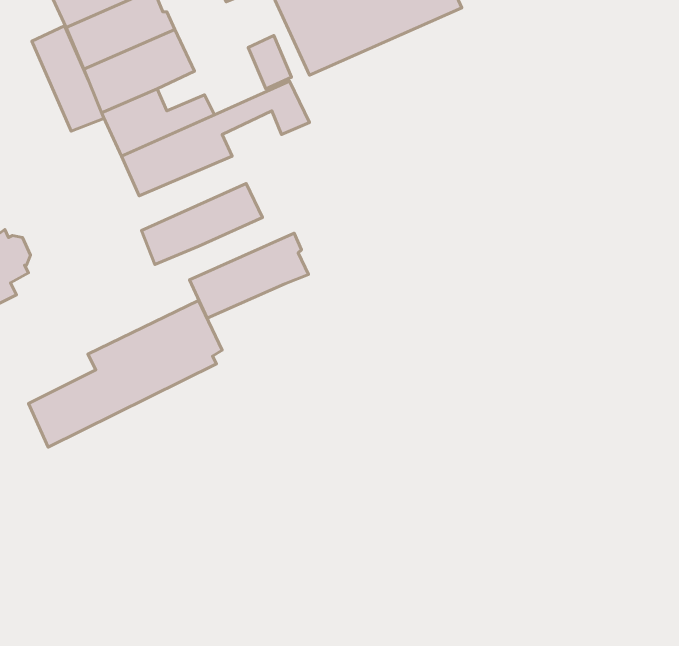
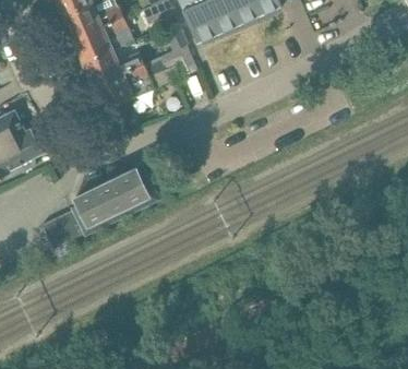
building: [32,26,104,131] -> none
building: [141,184,262,265] -> none
building: [190,233,309,318] -> none

